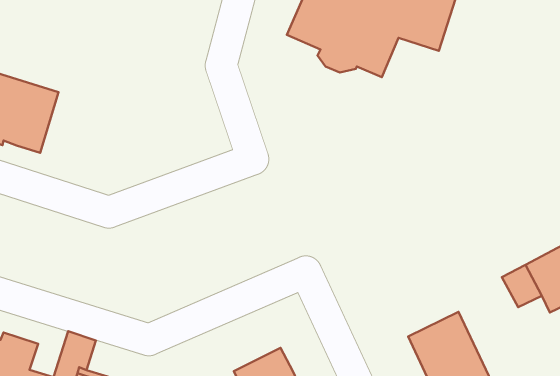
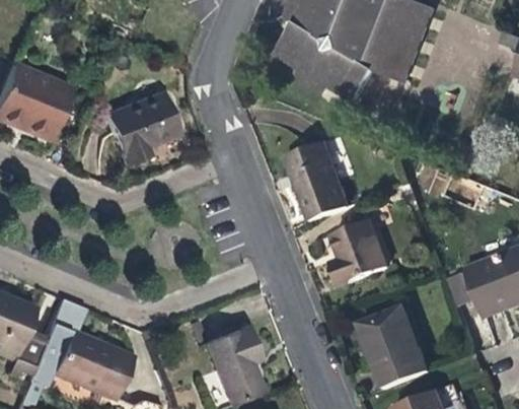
building: none -> [107,92,179,162]
building: none -> [287,142,350,220]
building: none -> [335,220,389,285]

